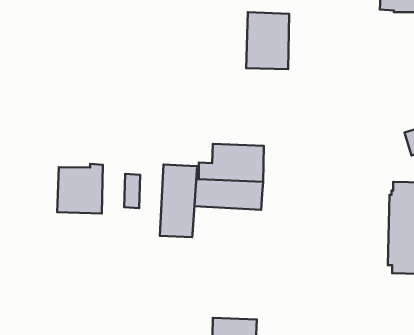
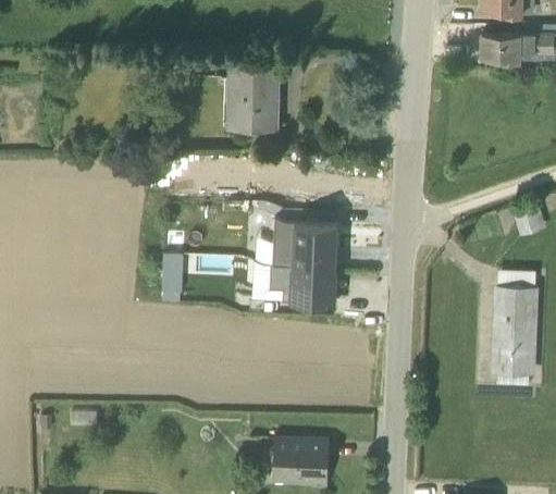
building: [246,12,289,69] -> [225,67,279,138]
building: [57,164,103,213] -> none
building: [160,165,197,237] -> none

